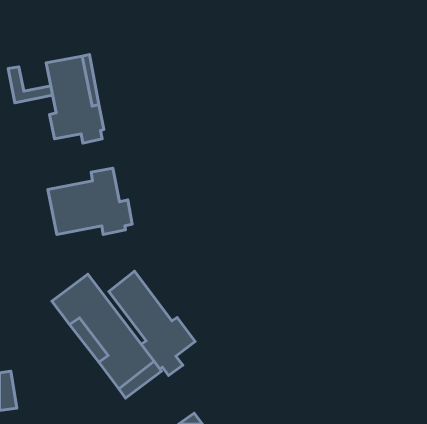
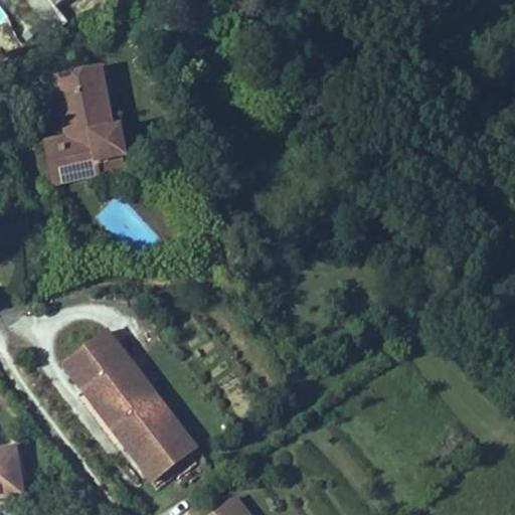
building: [8,67,52,103] -> [46,138,100,181]
building: [48,168,132,235] -> none
building: [109,271,195,375] -> none

